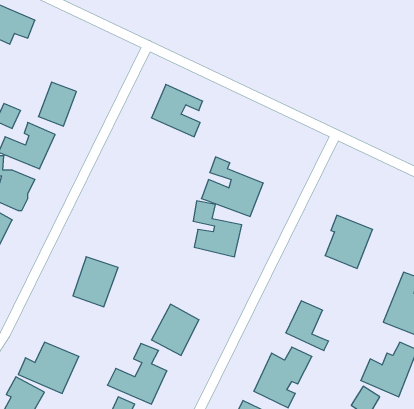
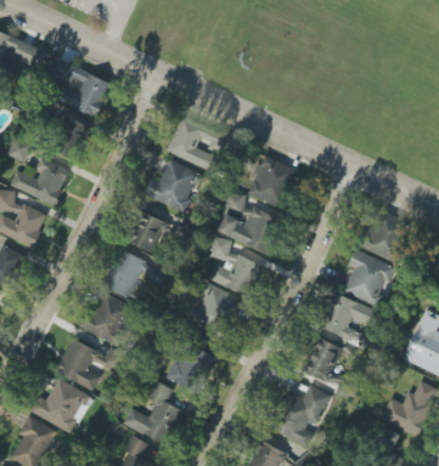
building: none -> [47,56,112,116]
building: none -> [248,155,294,206]
building: none -> [143,159,199,212]
building: none -> [362,209,405,260]
building: none -> [128,211,171,255]
building: none -> [103,249,145,297]
building: none -> [188,283,237,335]
building: none -> [321,292,375,341]
building: none -> [55,337,125,388]

